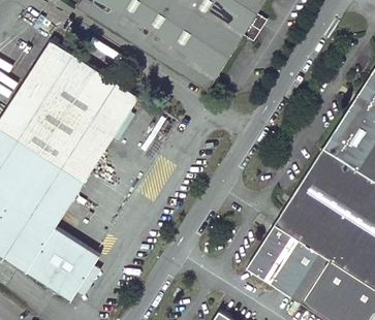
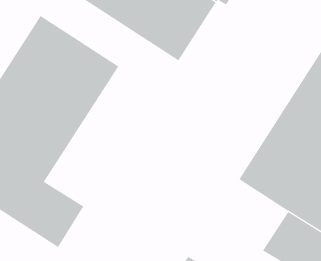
building: [245,224,330,305] -> none

